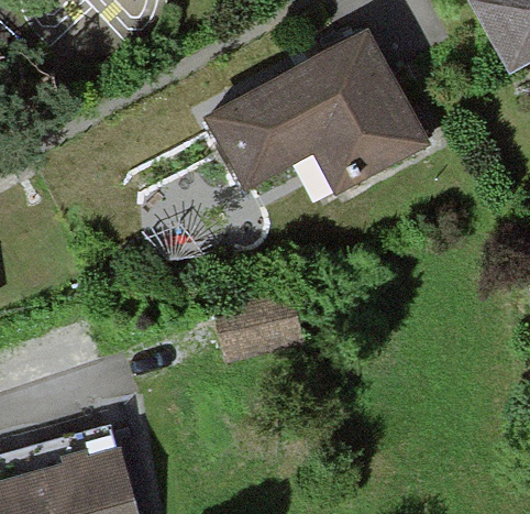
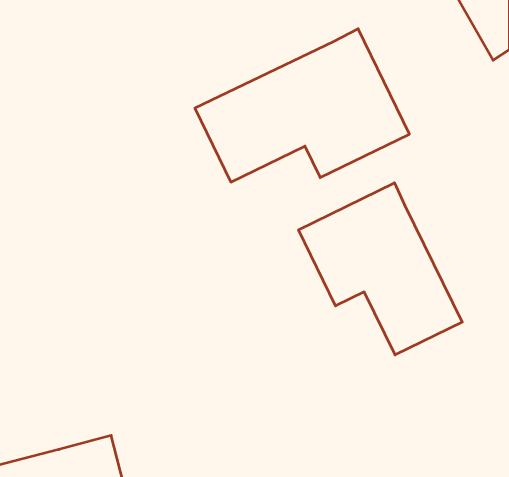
building: none -> [299,183,462,355]

